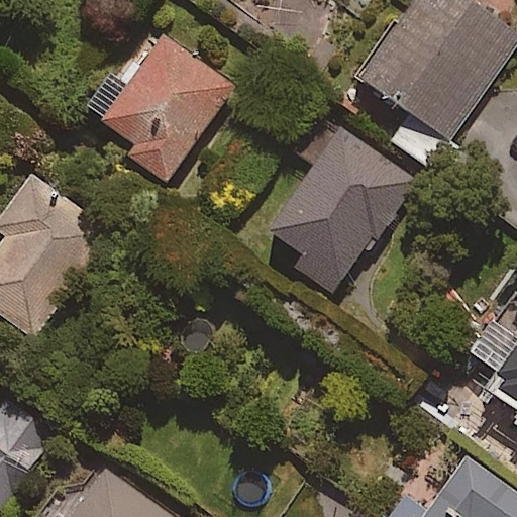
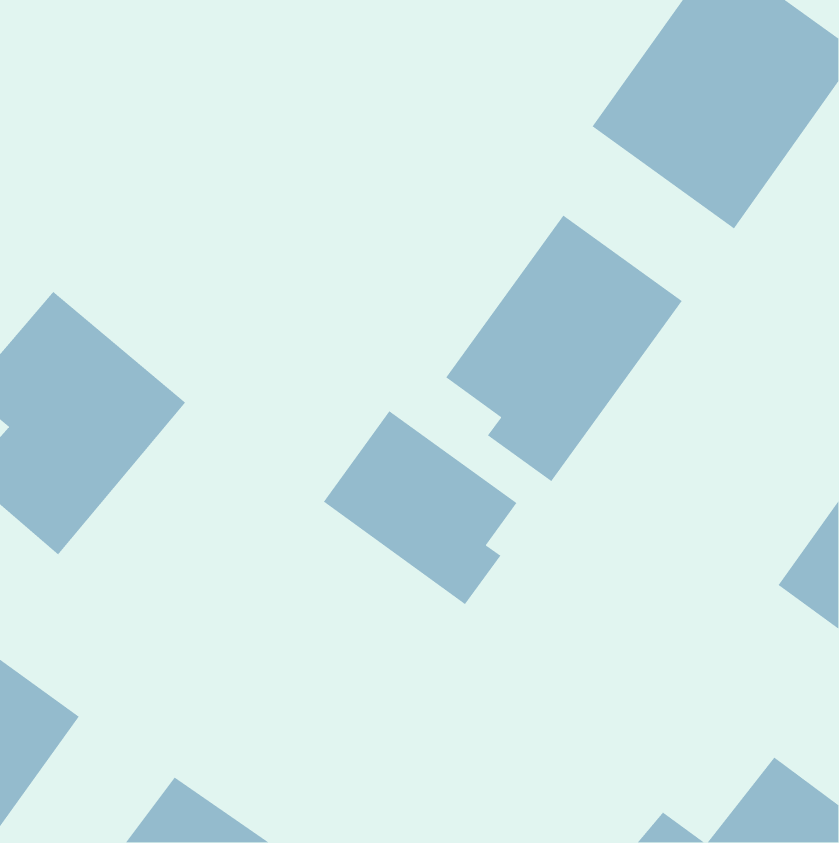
building: [88,35,231,180] -> none
building: none -> [323,410,517,605]

